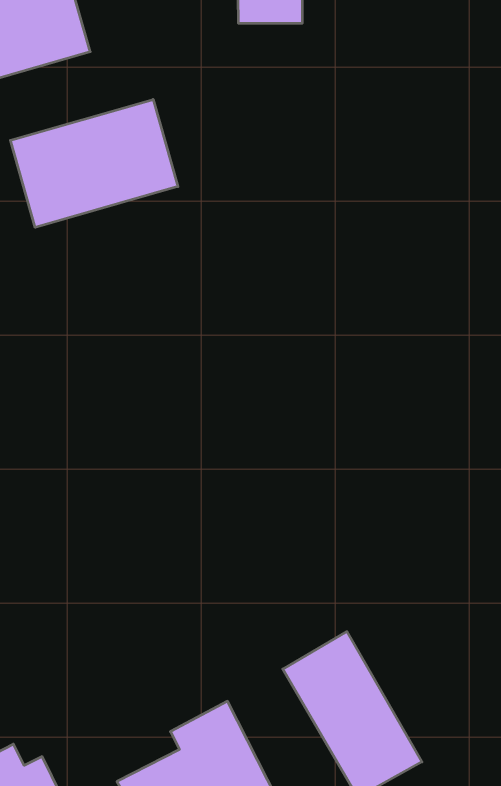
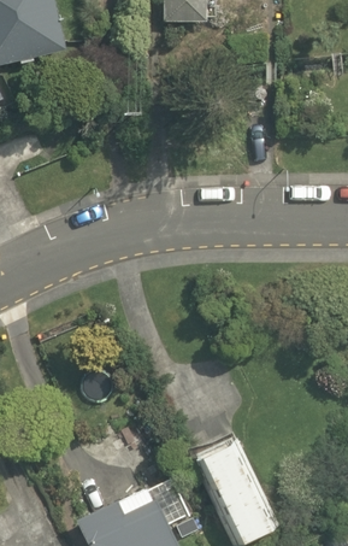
building: [10,99,178,227] -> none

